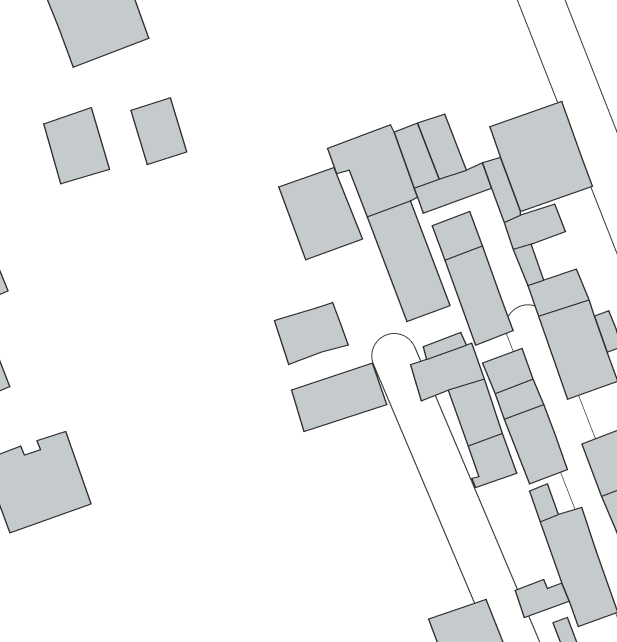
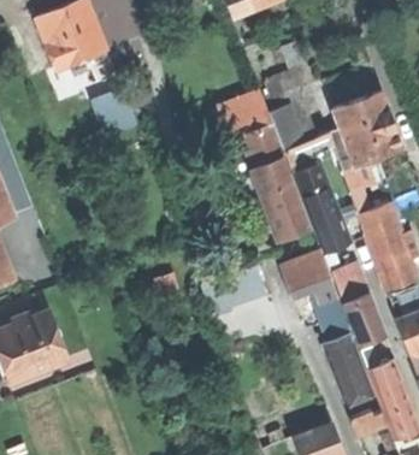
building: none -> [259,69,303,112]
building: [44,108,109,184] -> none
building: [279,167,363,260] -> none
building: [275,302,348,365] -> none
building: none -> [324,339,371,407]

